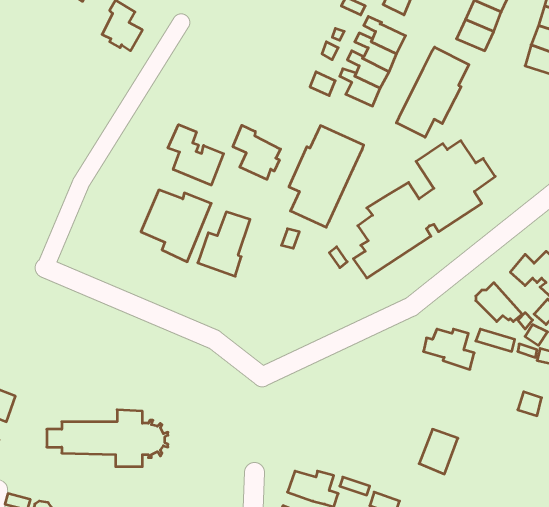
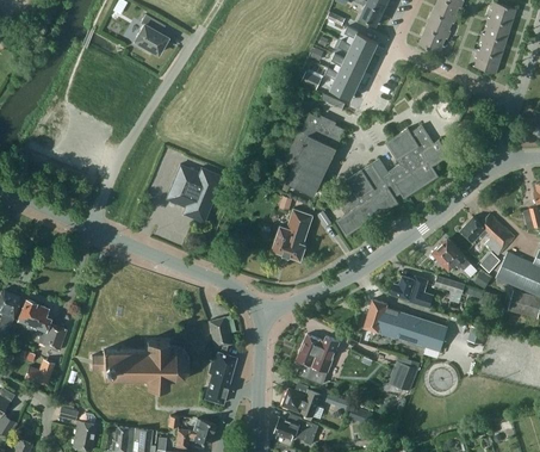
building: [396,47,469,137] -> none
building: [168,125,224,185] -> none
building: [233,125,281,179] -> none
building: [198,212,250,276] -> [271,209,312,260]
building: none -> [364,299,447,349]
building: none -> [204,316,236,403]
building: none -> [294,334,339,384]

